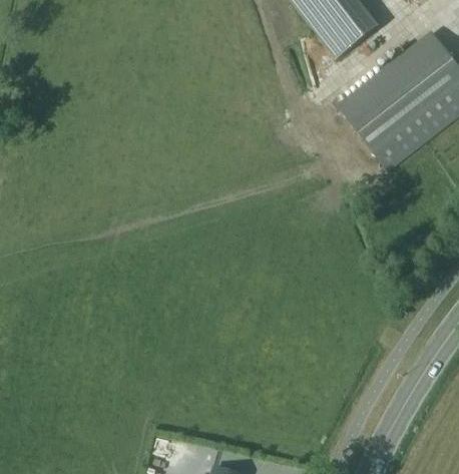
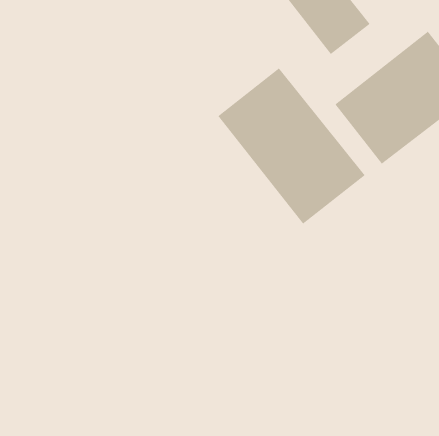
building: none -> [217,67,366,225]

